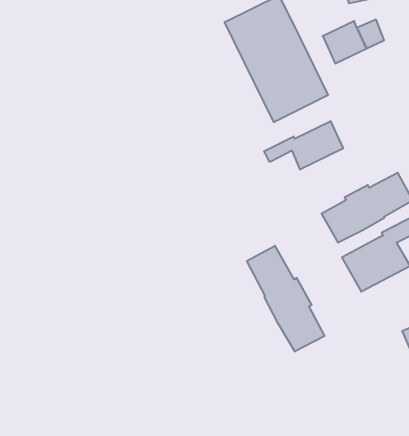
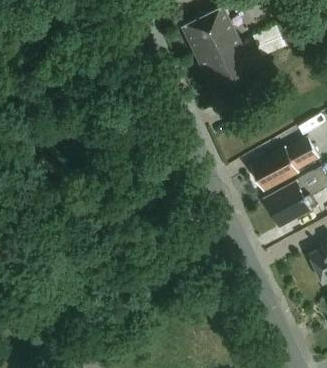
building: [264,121,343,170] -> none
building: [247,246,325,352] -> none

